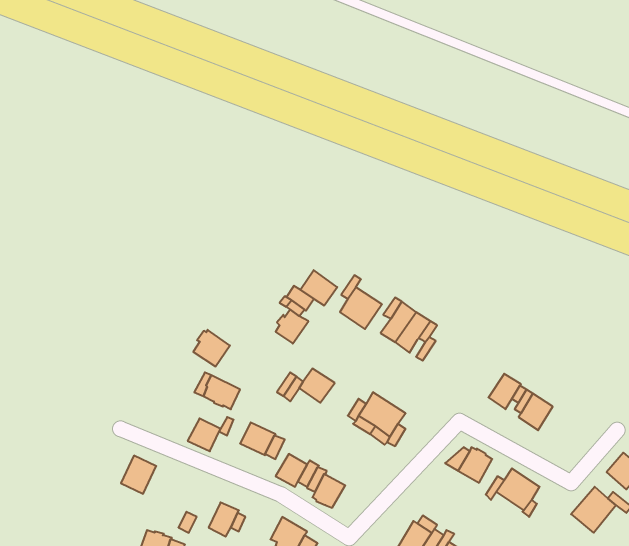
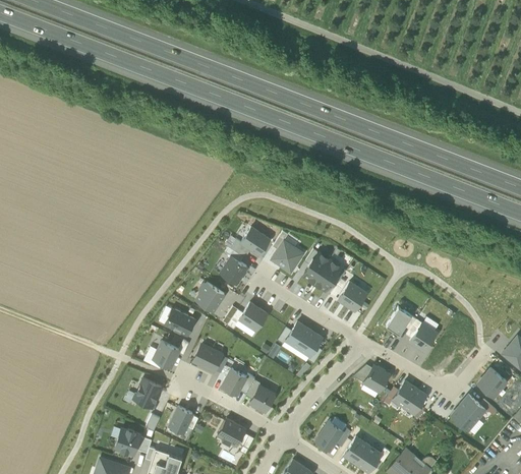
building: [193,330,230,366] -> [196,284,225,312]
building: none -> [339,283,367,311]
building: [121,456,156,494] -> [134,379,162,409]

